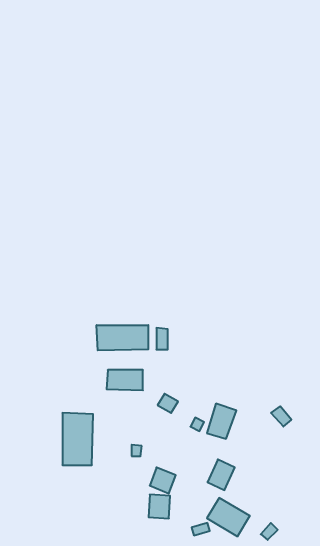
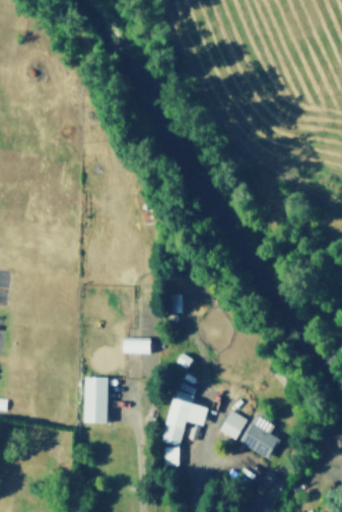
building: [97,325,148,350] -> none
building: [207,404,236,439] -> [172,393,198,425]
building: [207,498,250,536] -> [238,423,277,457]

